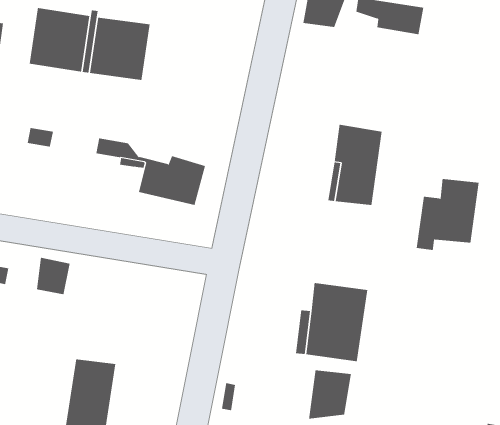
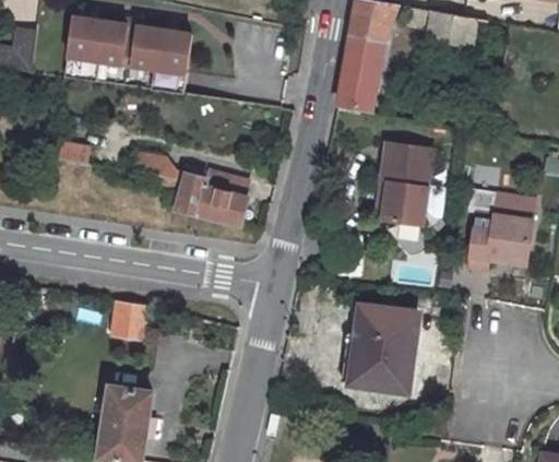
building: none -> [338,33,383,108]
building: [36,257,70,295] -> [112,300,148,340]
building: [308,369,351,420] -> none

